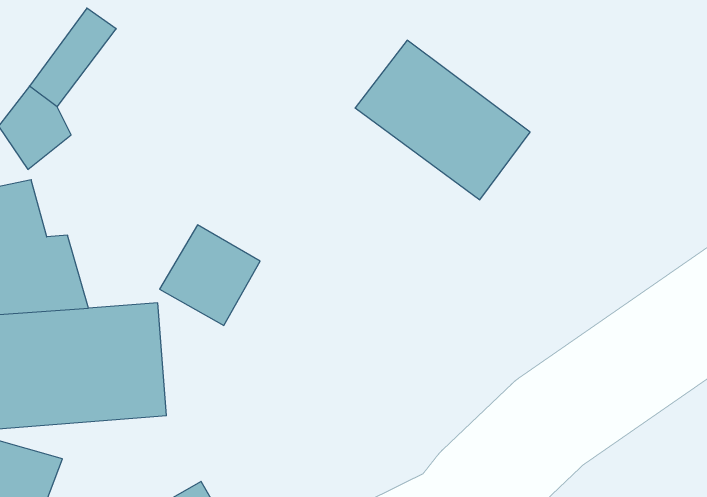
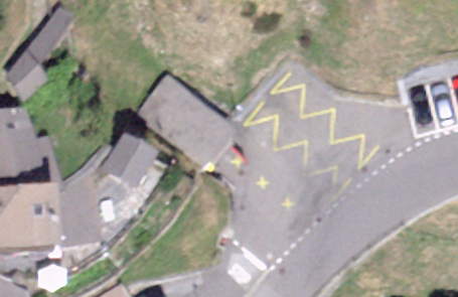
building: [355,40,530,200] -> [136,76,238,168]

